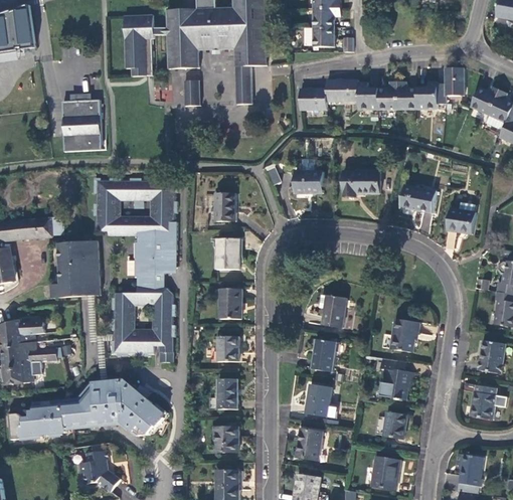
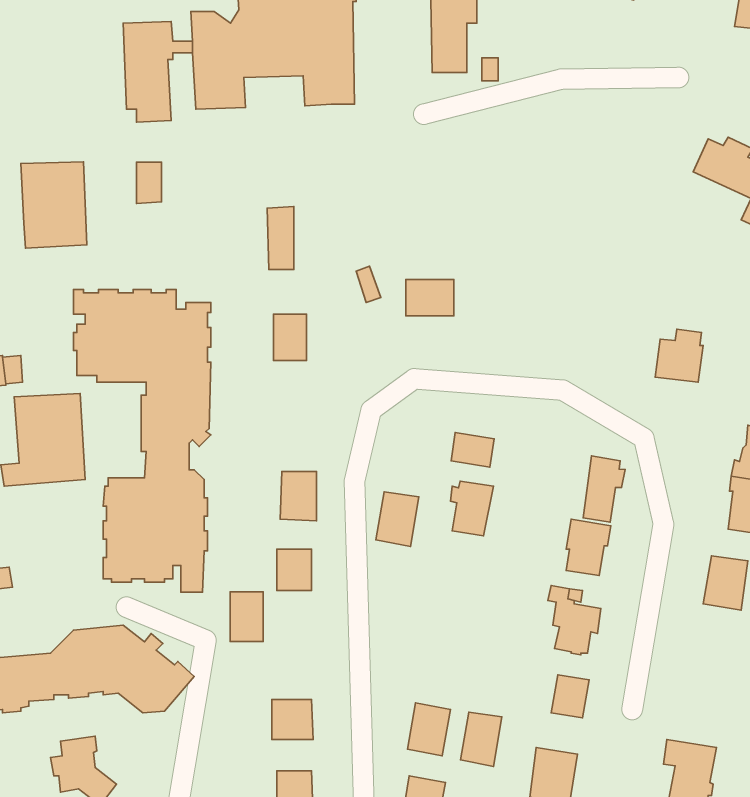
building: [234,65,250,104] -> [267,207,294,269]
building: [299,67,463,110] -> none
building: [184,80,199,106] -> [137,162,161,204]
building: [344,172,381,197] -> none
building: [401,186,438,214] -> none
building: [216,237,239,269] -> none
building: none -> [451,433,494,467]
building: none -> [583,456,625,522]
building: [312,338,338,371] -> [376,492,419,546]
building: [217,379,237,409] -> [230,592,263,642]
building: [307,384,332,418] -> [461,712,502,767]
building: [470,384,496,421] -> none

